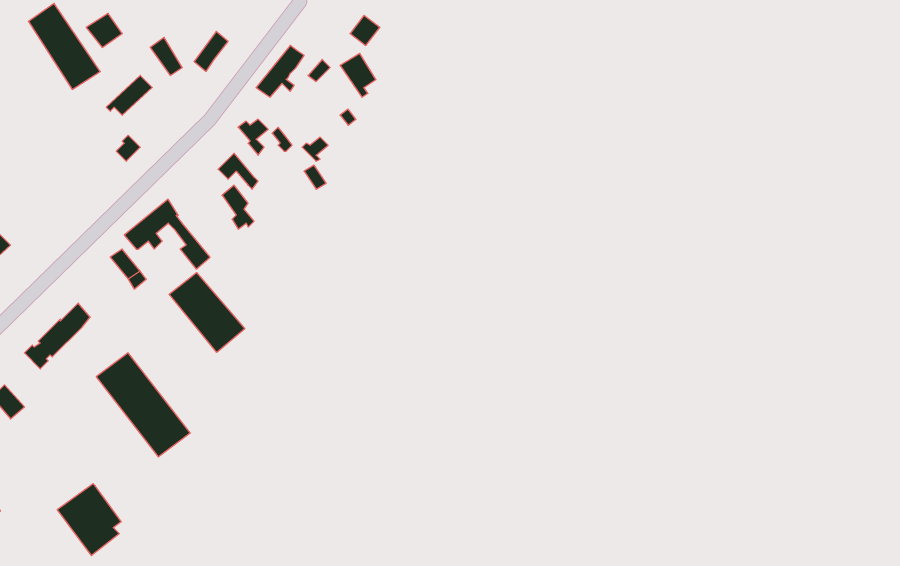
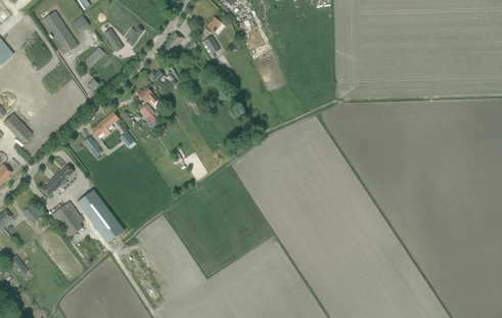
building: [169,273,245,352] -> none
building: [57,484,121,556] -> [50,200,83,237]

